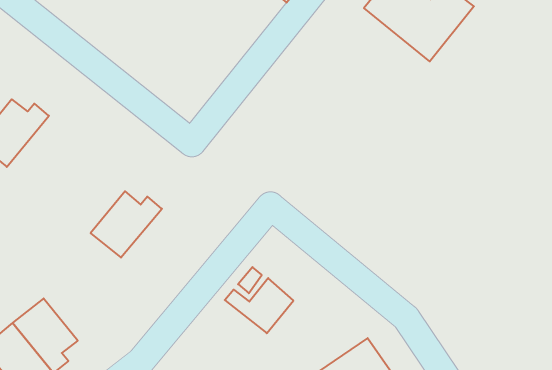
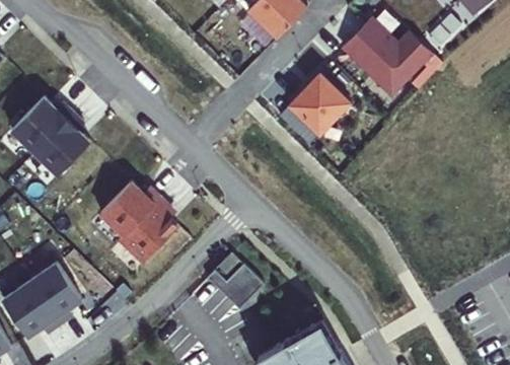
building: none -> [288,73,349,135]
building: none -> [33,115,89,177]
building: none -> [118,200,176,265]

